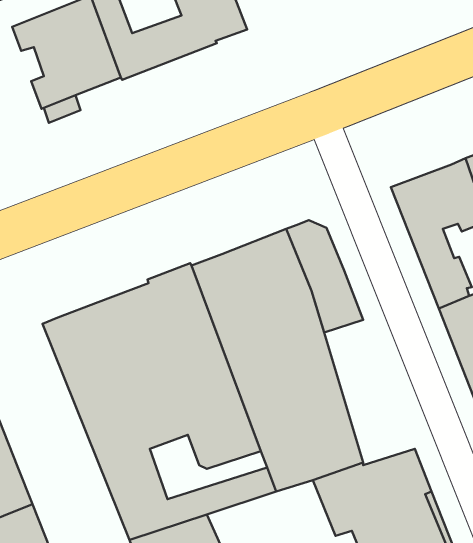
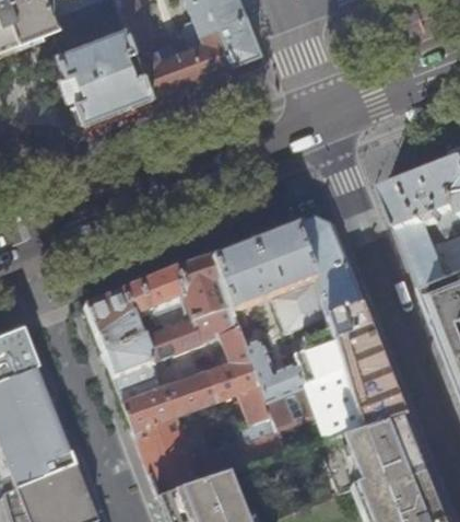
building: none -> [326,301,404,427]

